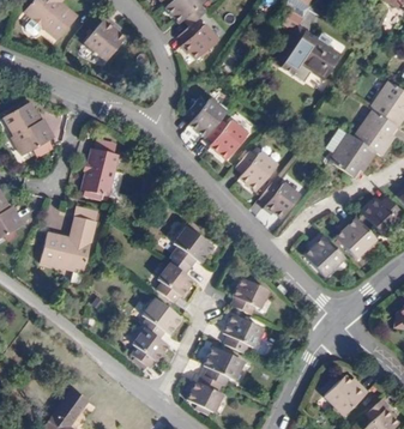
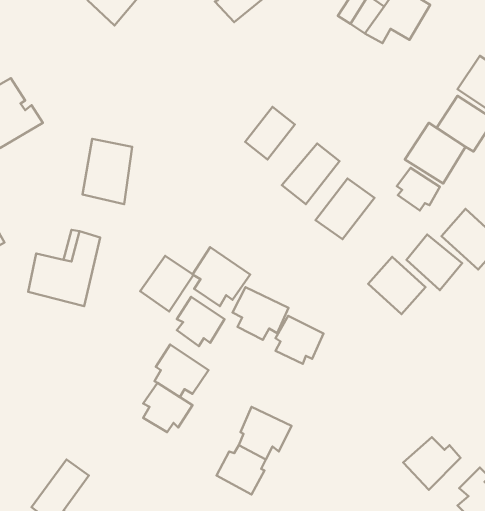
building: [186,101,223,140] -> none
building: none -> [397,168,440,210]
building: none -> [140,256,194,311]
building: [218,315,260,355] -> [233,287,288,340]

